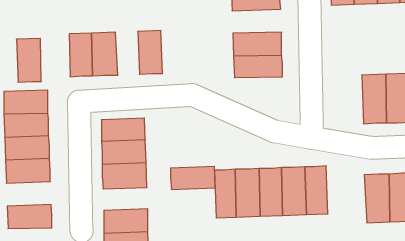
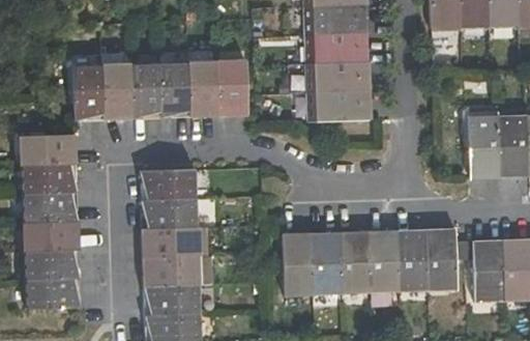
building: none -> [306,34,369,64]
building: none -> [217,60,248,115]
building: none -> [160,62,190,117]
building: [16,38,41,82] -> [72,65,104,120]
building: none -> [424,230,458,291]
building: [171,166,215,189] -> [145,258,201,287]
building: none -> [24,251,80,282]

